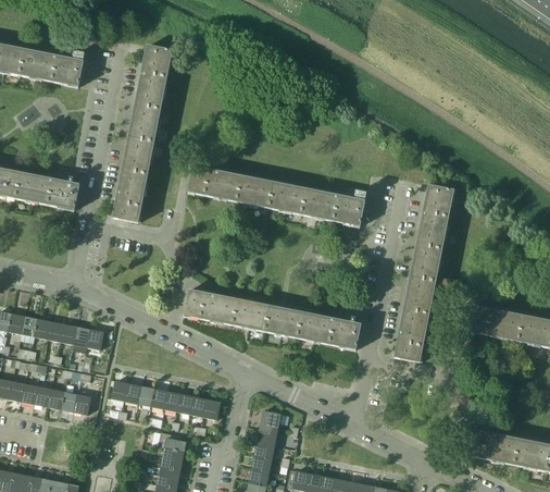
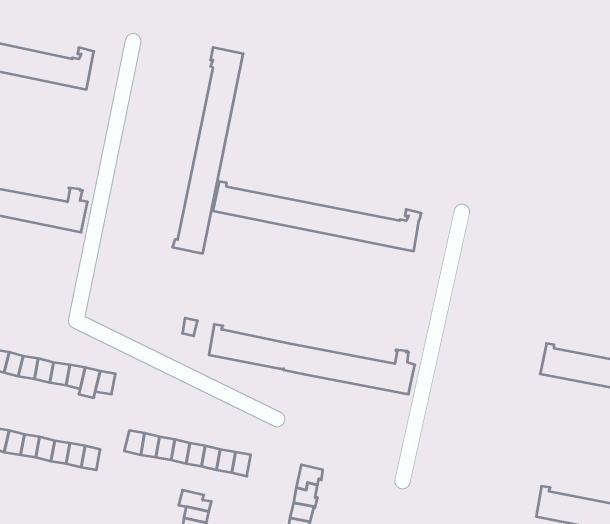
building: [112,45,173,222] -> [172,47,243,253]
building: [393,184,453,361] -> none

